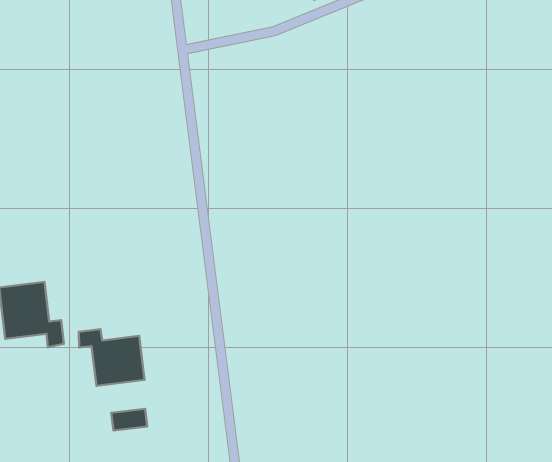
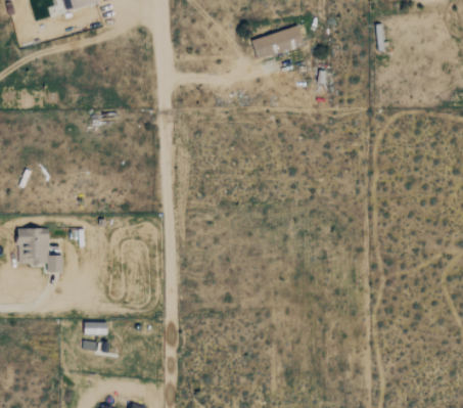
building: [79,329,144,386] -> none

